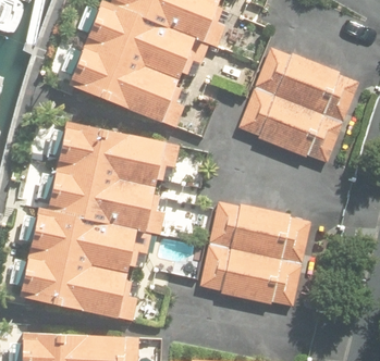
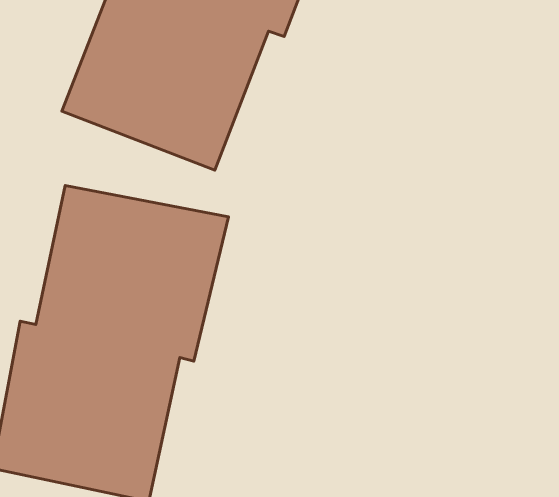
building: [241,47,361,161] -> none
building: [203,202,312,306] -> none

